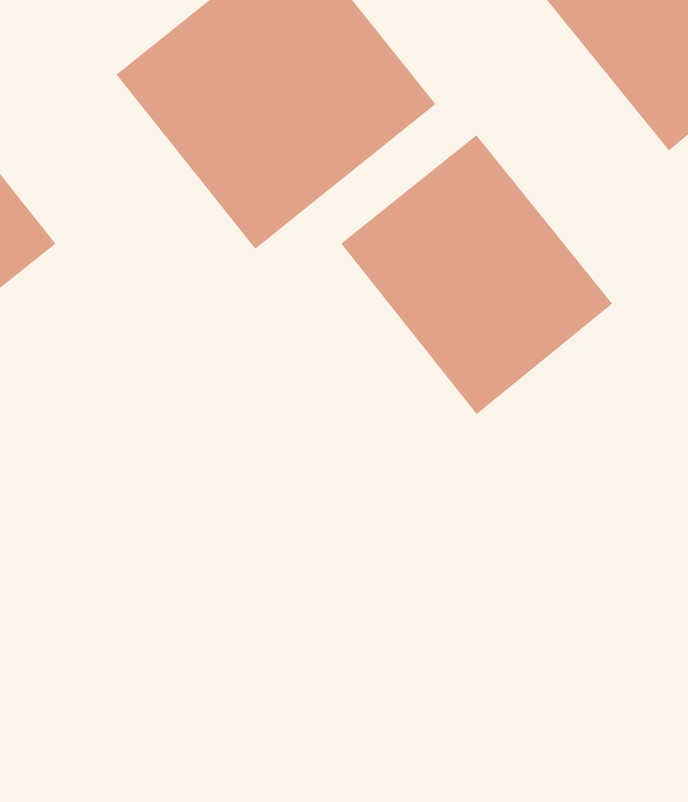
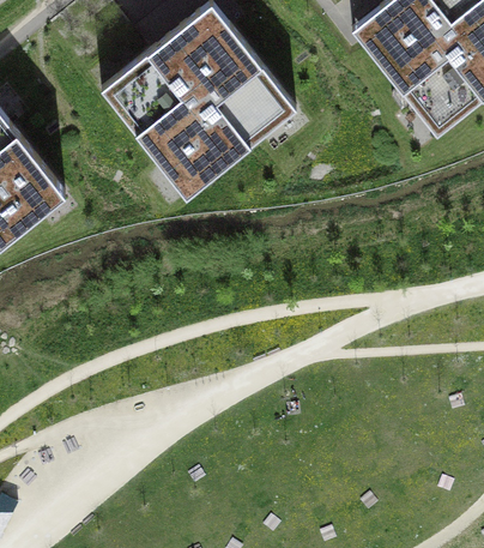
building: [340,134,613,415] -> none

